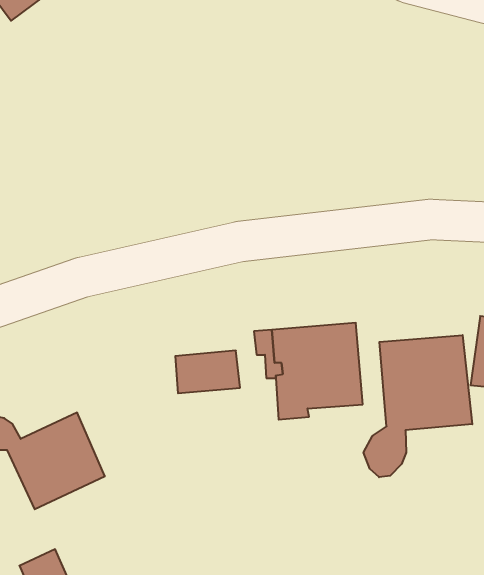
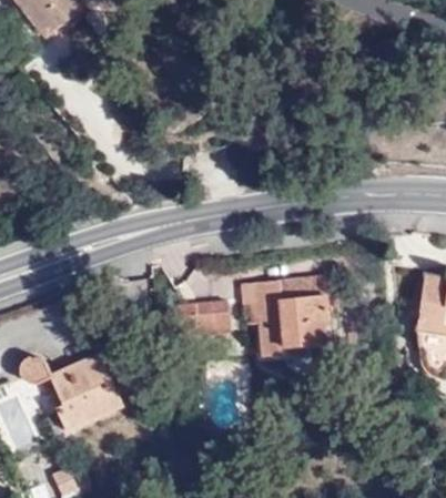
building: [364,335,472,477] -> none

